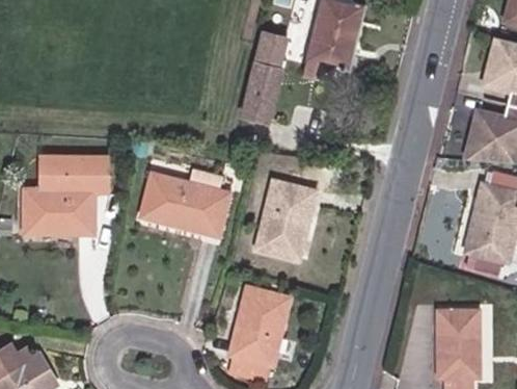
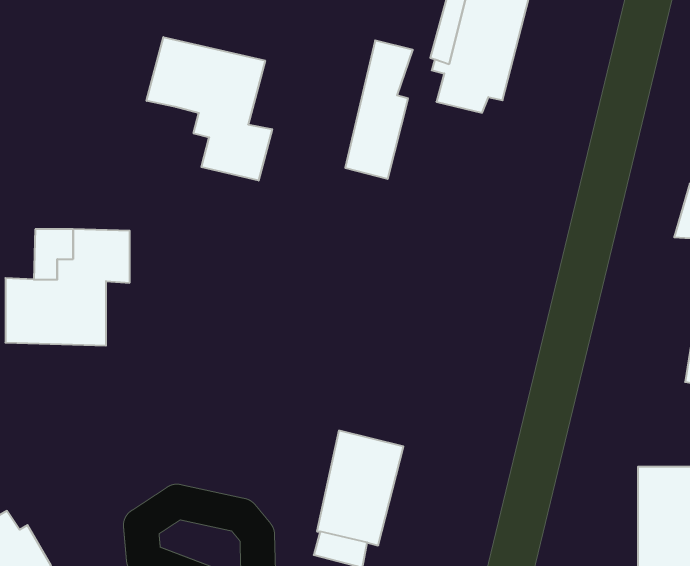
building: none -> [147,37,272,181]
building: [140,175,227,234] -> none
building: [250,180,314,261] -> none

